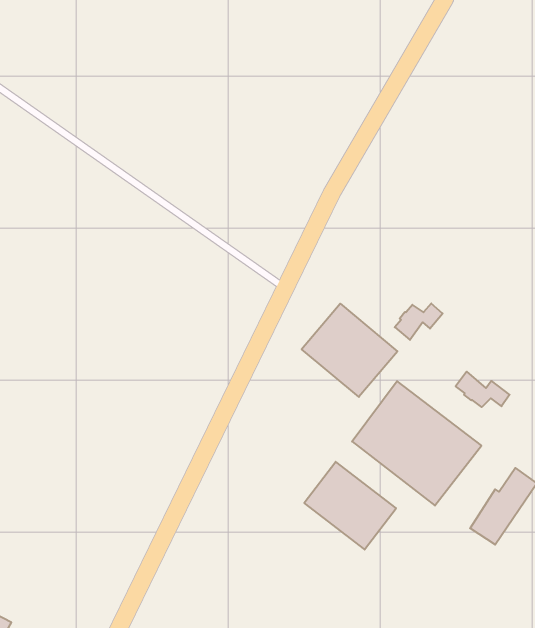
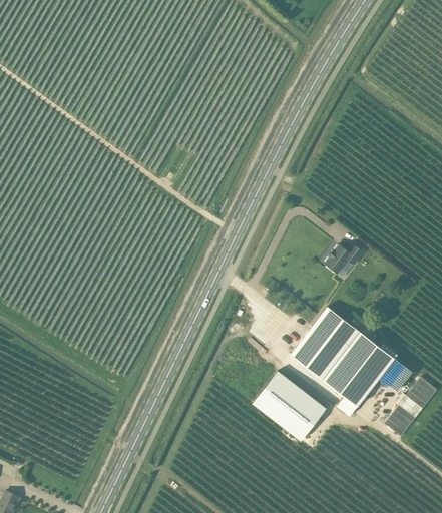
building: [302,304,397,397] -> none
building: [456,372,510,407] -> none

